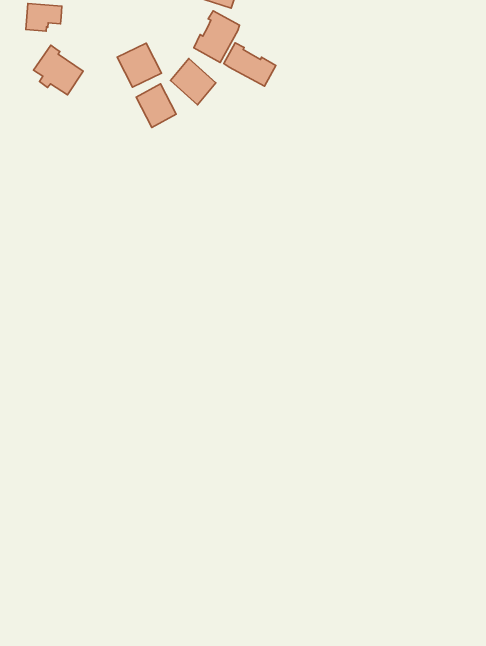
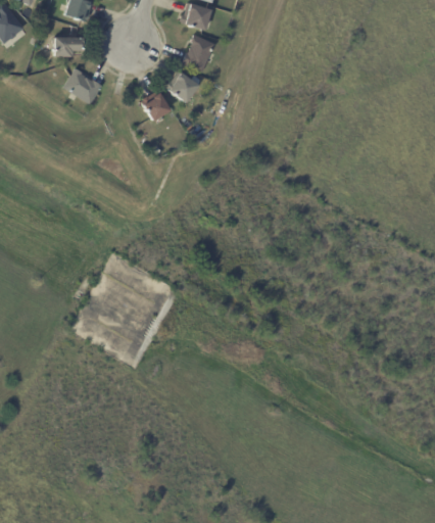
building: [224,43,276,86] -> none
building: [117,43,162,87] -> none

